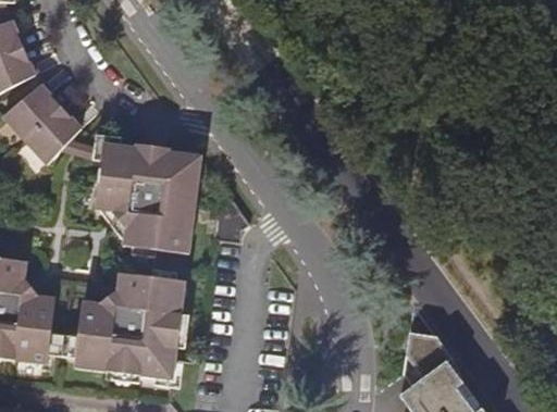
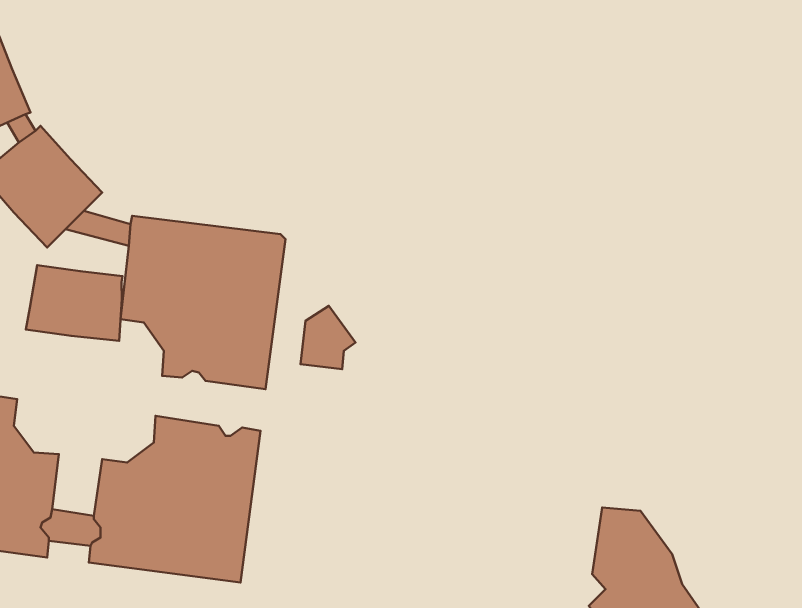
building: none -> [26,265,122,341]

